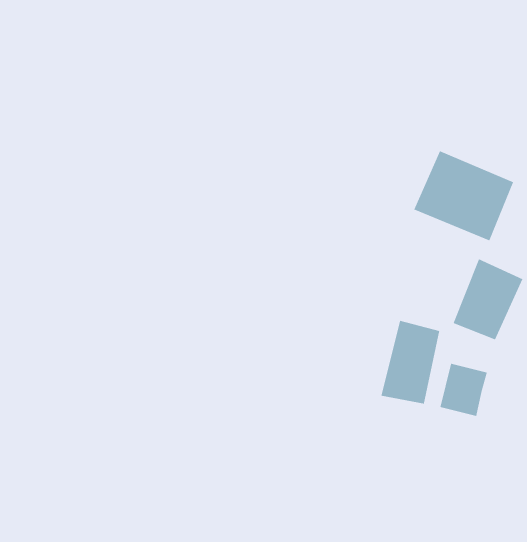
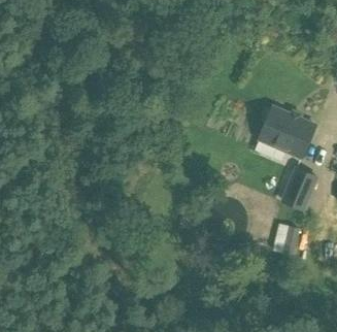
building: [381,320,440,404] -> none

